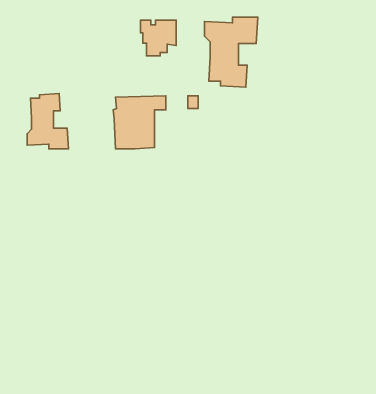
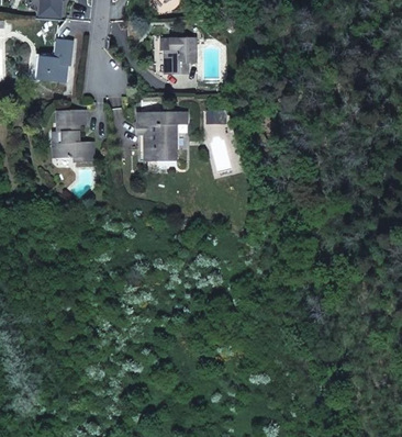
building: [204,17,258,87] -> none
building: none -> [36,40,72,81]

